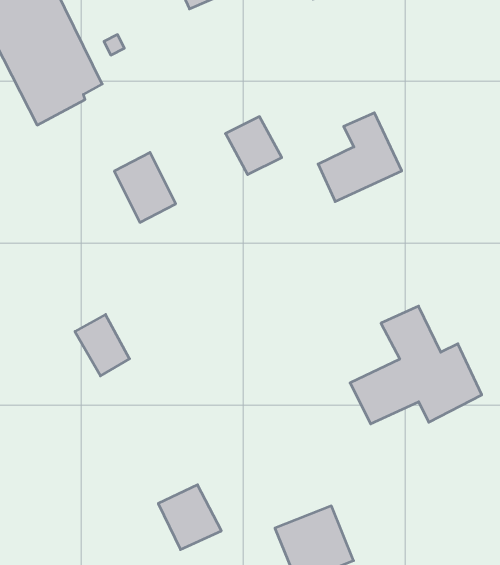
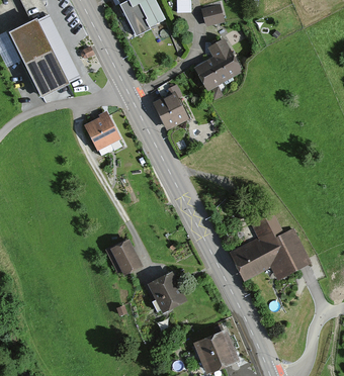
building: [318,113,402,202] -> [193,40,243,93]
building: [75,314,130,376] -> [107,240,140,276]
building: [158,485,221,550] -> [144,272,181,310]

